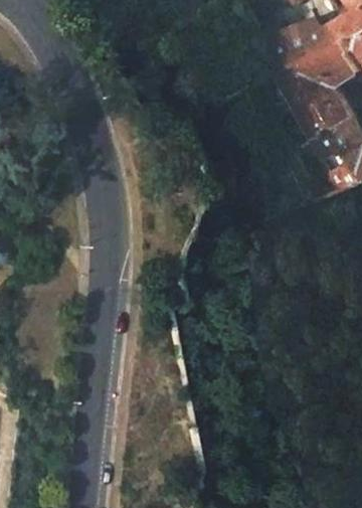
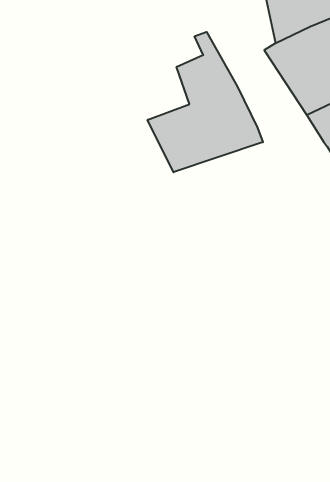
building: none -> [148,32,263,172]

